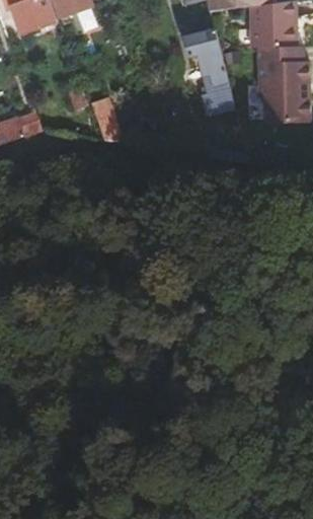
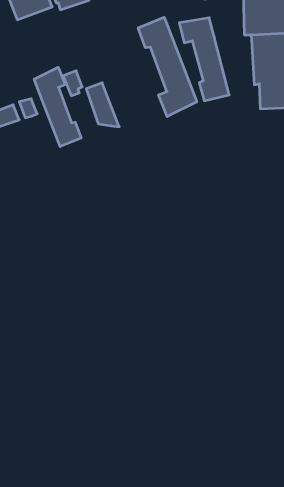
building: none -> [138,17,197,117]
building: none -> [34,67,81,147]

